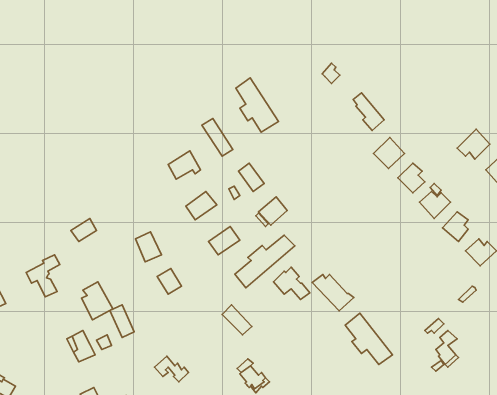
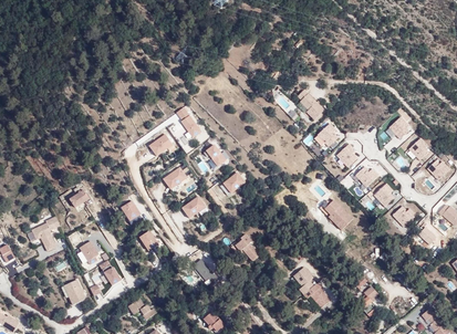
building: [236,78,278,132] -> none
building: [235,235,295,288] -> none
building: [312,274,354,311] -> [319,198,353,228]

